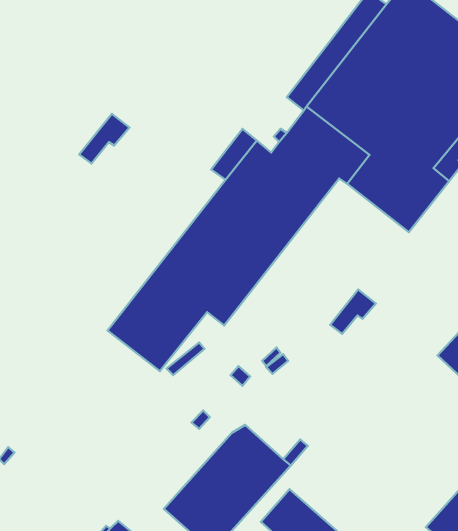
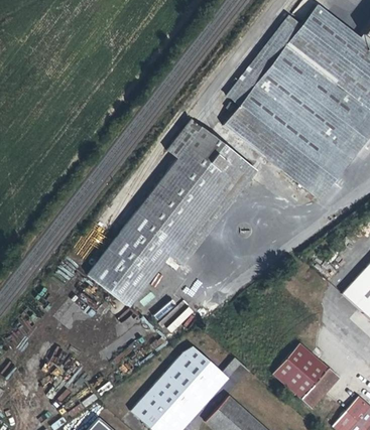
building: [79,114,129,164] -> none
building: [330,289,376,334] -> none
building: none -> [275,343,340,407]

